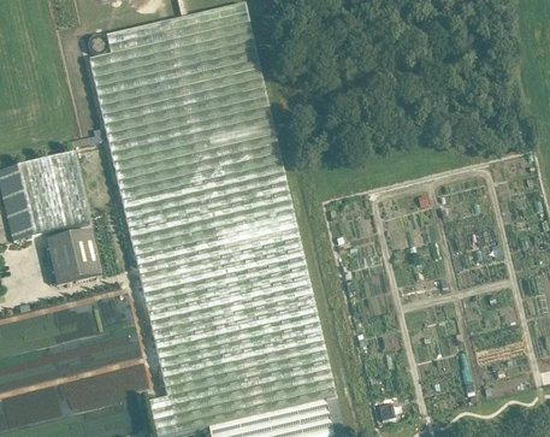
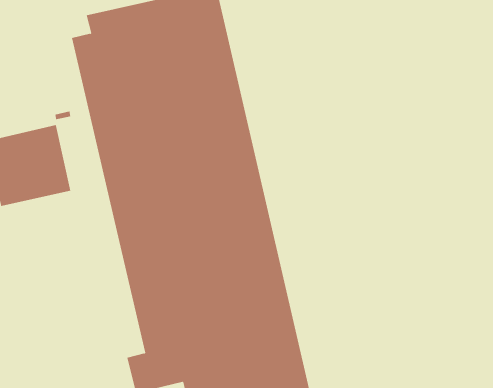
building: [47,231,101,283] -> none

